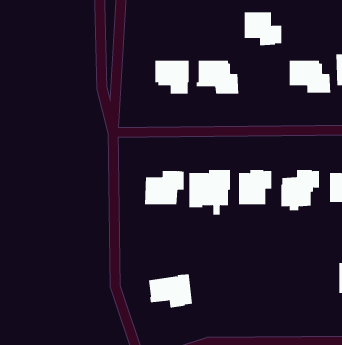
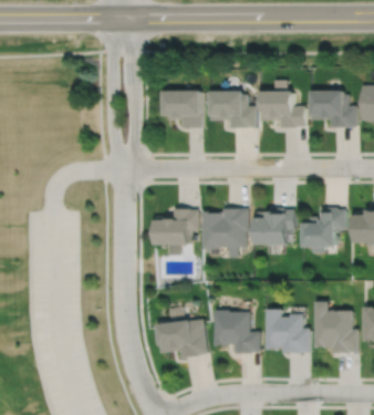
building: [244,12,282,46] -> [262,91,303,127]
building: none -> [314,302,356,354]
building: none -> [268,310,308,353]
building: none -> [216,311,260,354]

